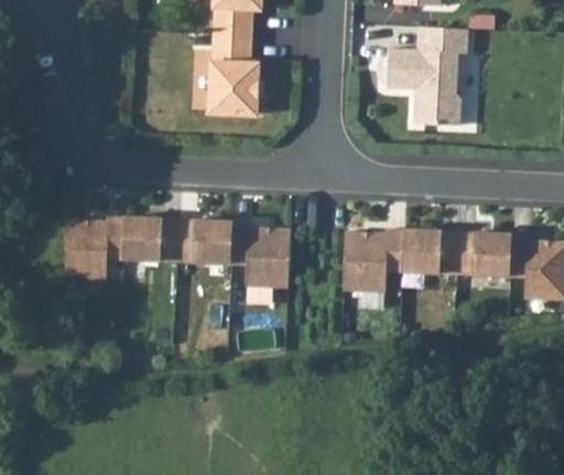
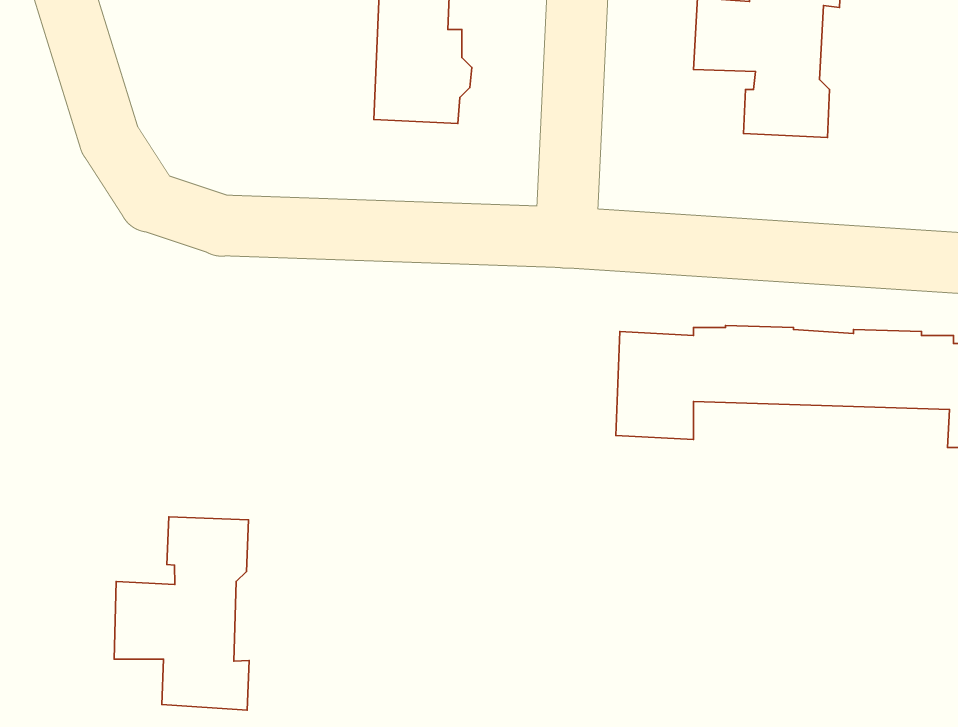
building: [66,218,291,288] -> none
building: none -> [114,517,249,710]

